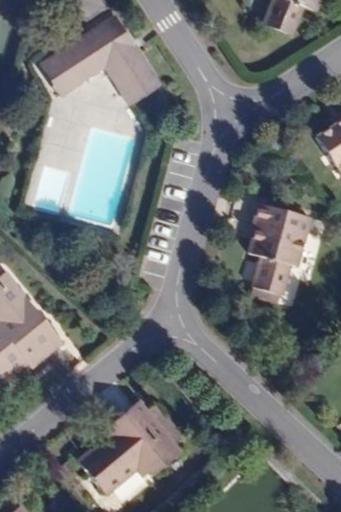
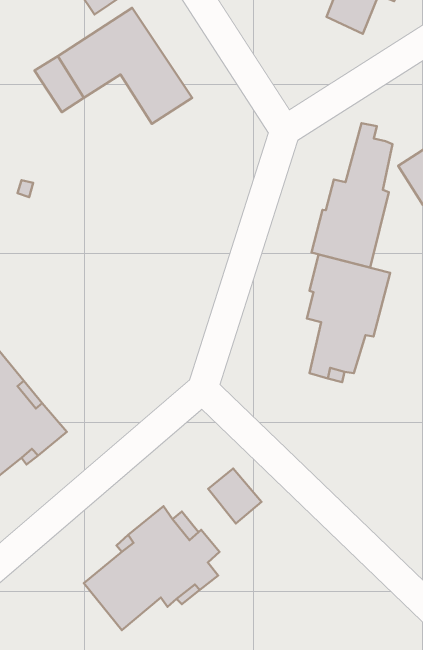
building: none -> [311,123,393,268]
building: none -> [208,469,261,524]

